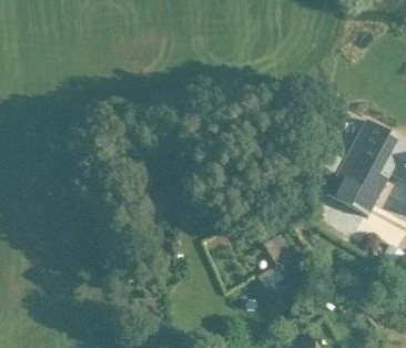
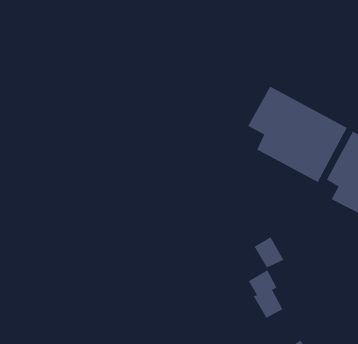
building: none -> [247,86,348,183]

